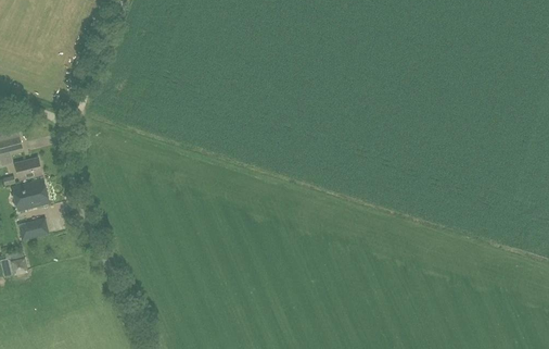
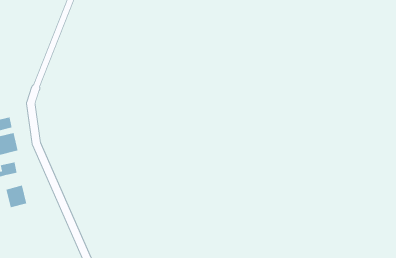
building: none -> [6,185,27,208]

